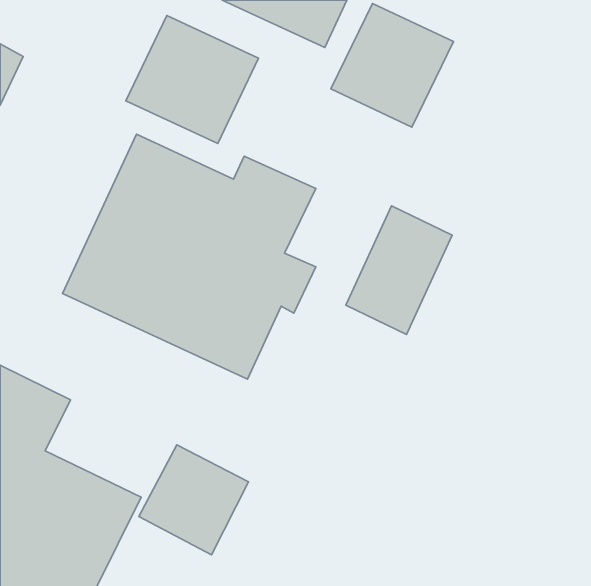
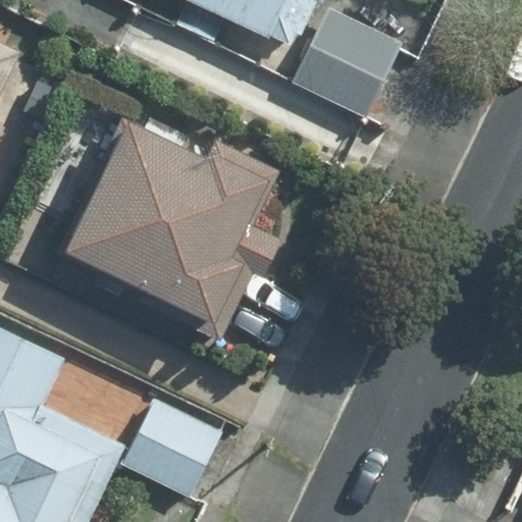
building: [126,16,259,143] -> none
building: [346,206,452,334] -> none

